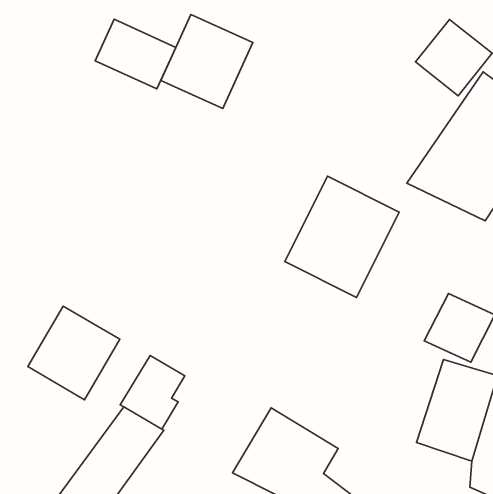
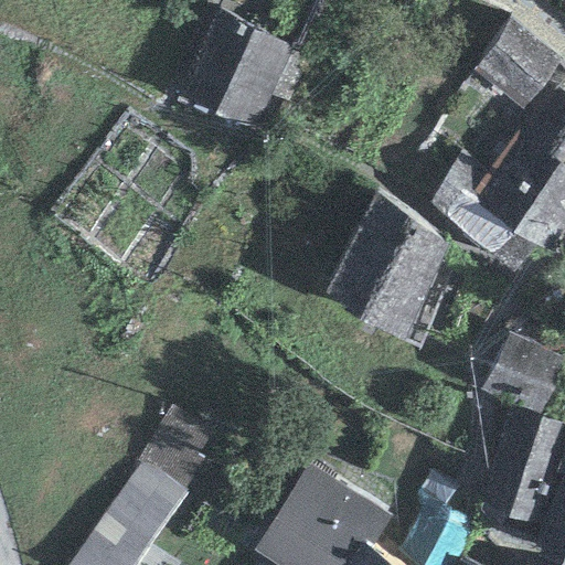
building: [95,19,176,89] -> none
building: [28,306,120,400] -> none

